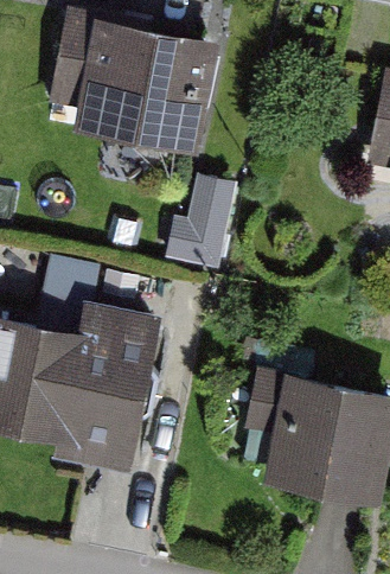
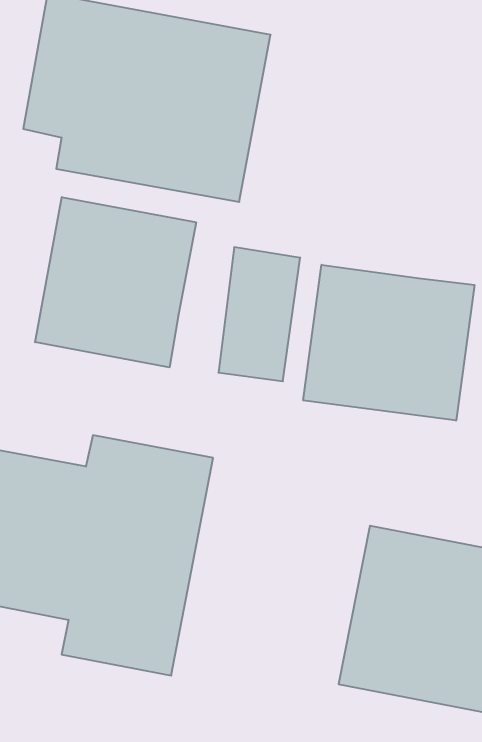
building: none -> [35,197,196,367]
building: none -> [303,265,474,421]

